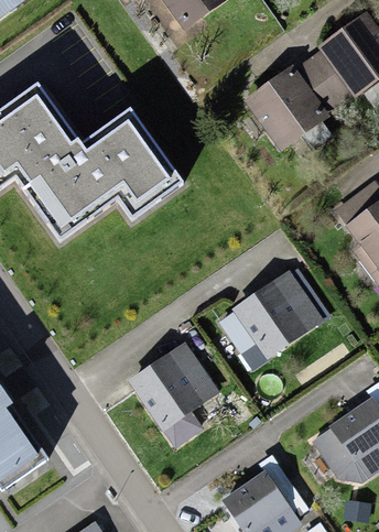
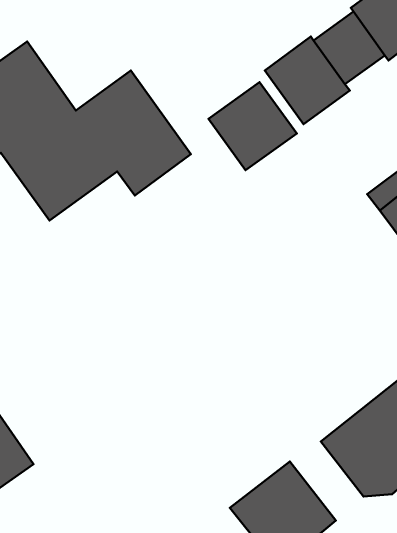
building: none -> [208,82,297,170]
building: [231,270,324,360] -> none
building: [128,340,224,434] -> none

